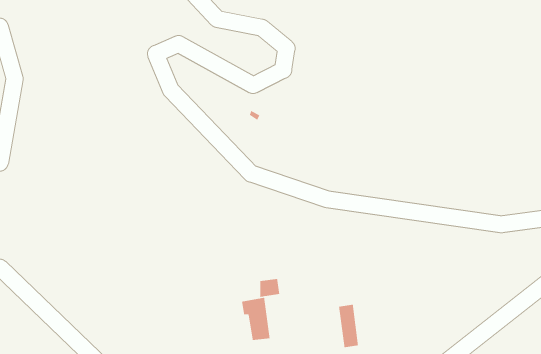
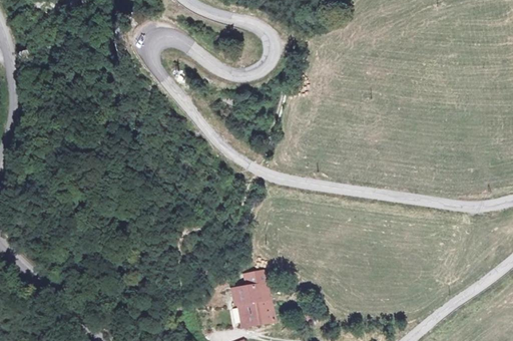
building: [338,304,359,348] -> [253,283,273,324]

